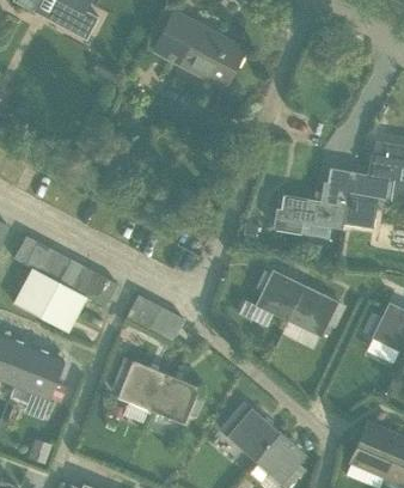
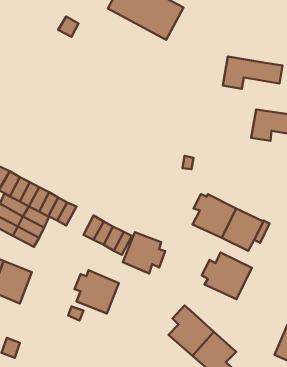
building: [276,196,347,234] -> [223,56,282,89]
building: none -> [202,253,252,299]
building: [153,376,203,425] -> [123,232,165,273]

